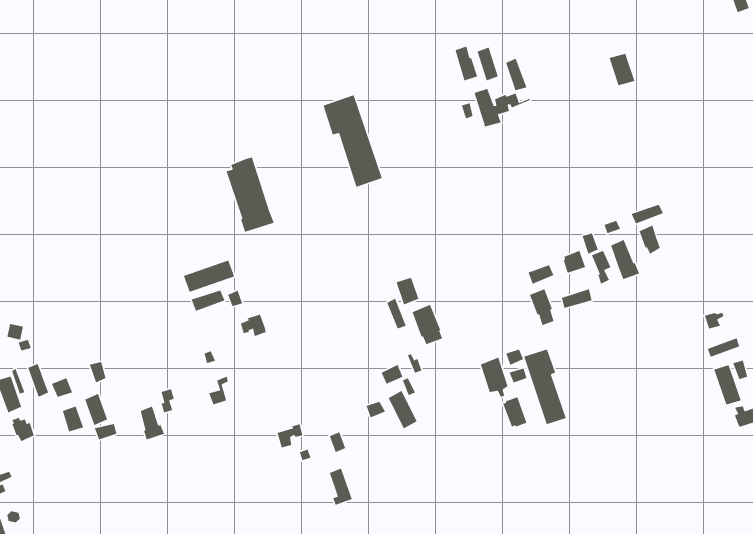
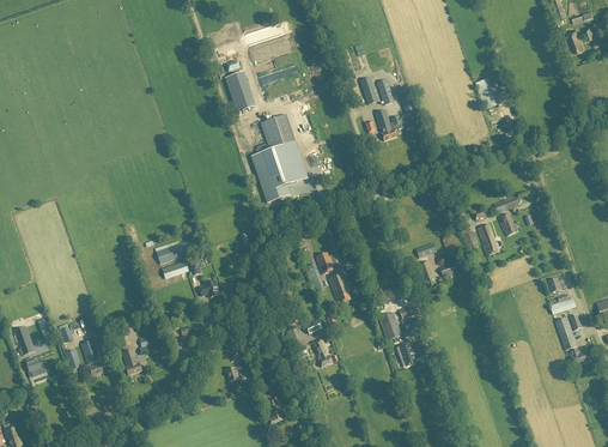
building: none -> [225,71,255,111]
building: [225,156,275,233] -> [253,144,290,201]
building: [523,348,567,425] -> none

